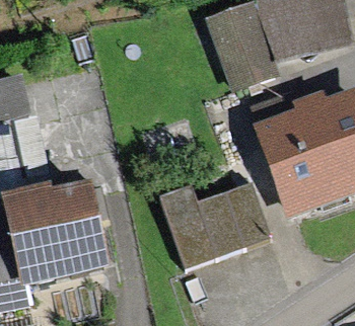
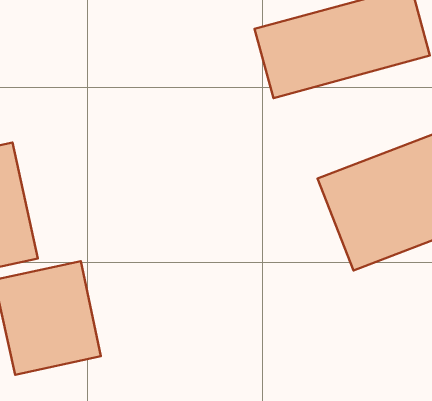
building: [171,196,258,264] -> none

